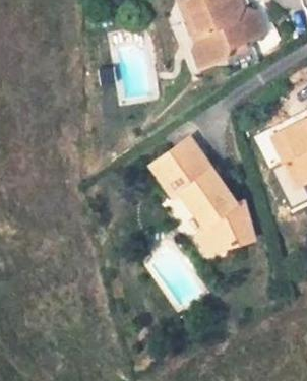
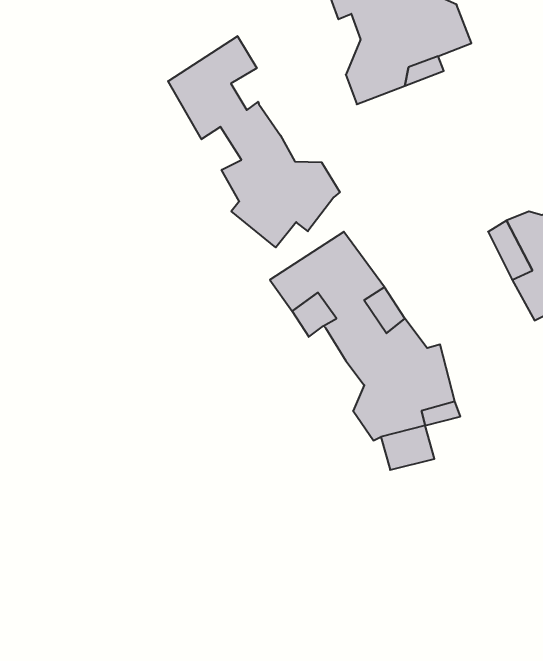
building: none -> [168,36,340,247]

